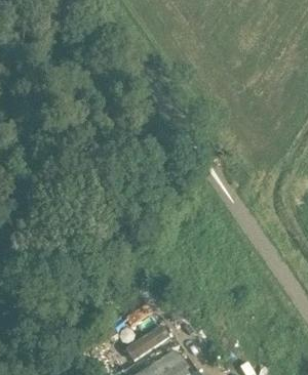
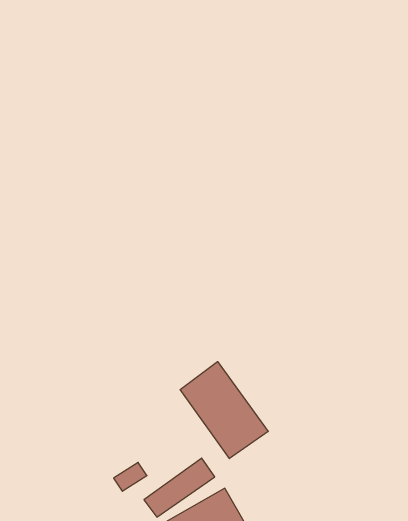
building: none -> [180,362,268,459]

